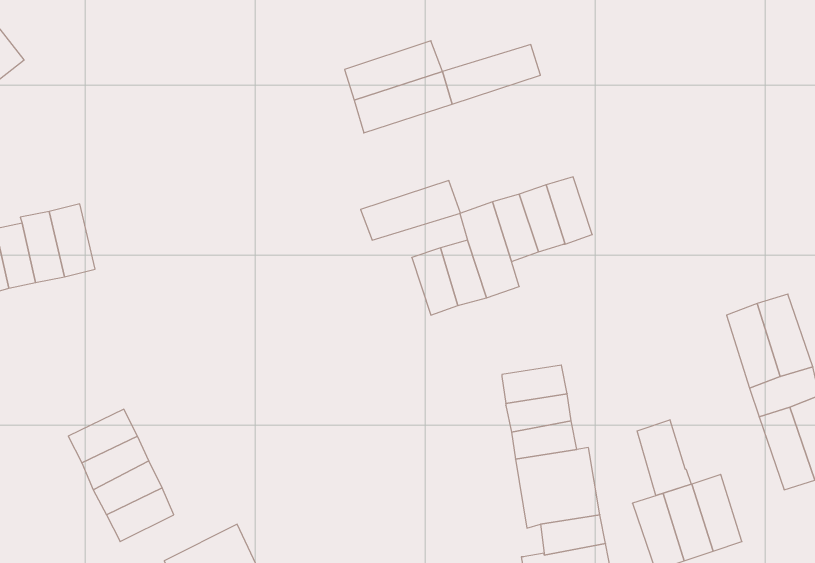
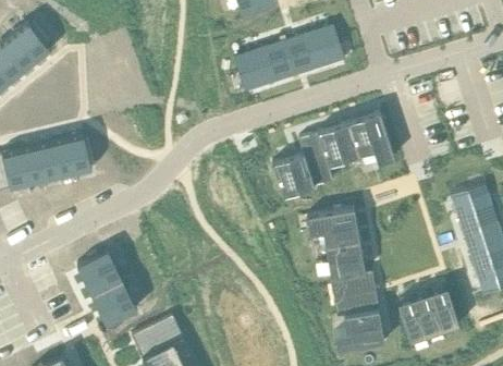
building: none -> [364,113,395,164]
building: [361,181,460,240] -> [283,25,340,59]
building: none -> [307,209,357,234]
building: [637,420,691,495] -> none

